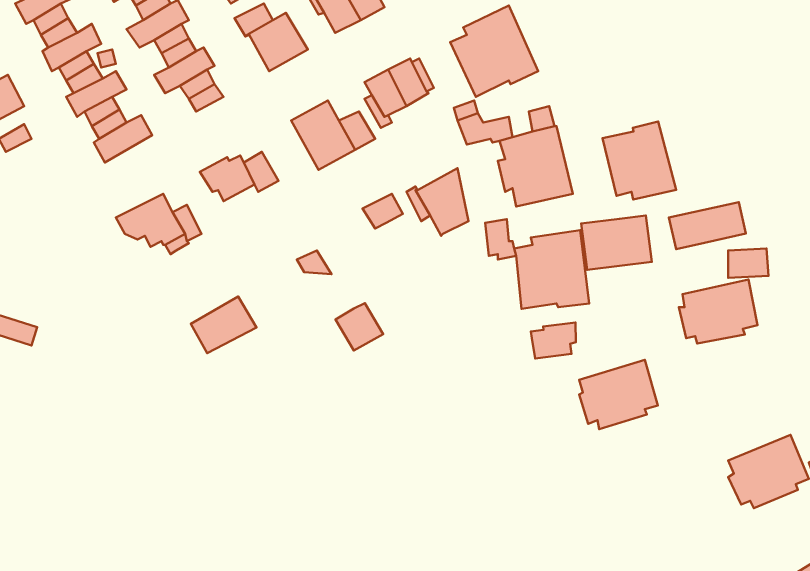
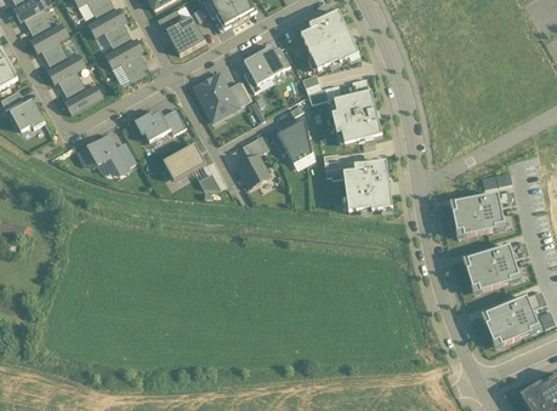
building: [602,121,676,200] -> none
building: none -> [10,97,45,130]
building: [669,202,746,249] -> none
building: [581,215,652,270] -> none
building: [191,296,257,353] -> [163,142,206,179]
building: [336,303,383,351] -> [238,154,269,185]
building: [531,322,576,359] -> none
building: [579,360,658,429] -> [466,244,518,290]

